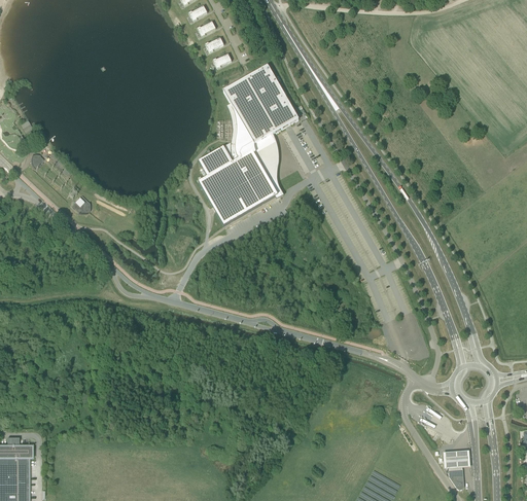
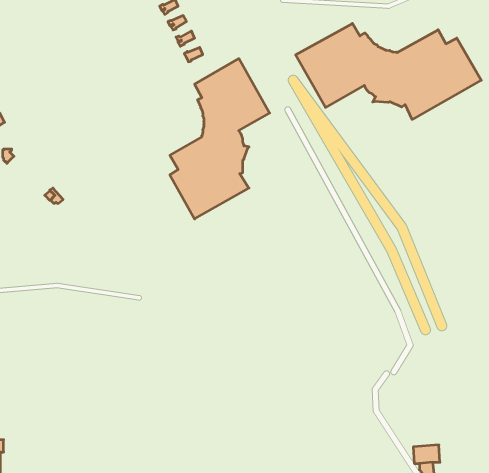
building: none -> [296,23,481,119]

